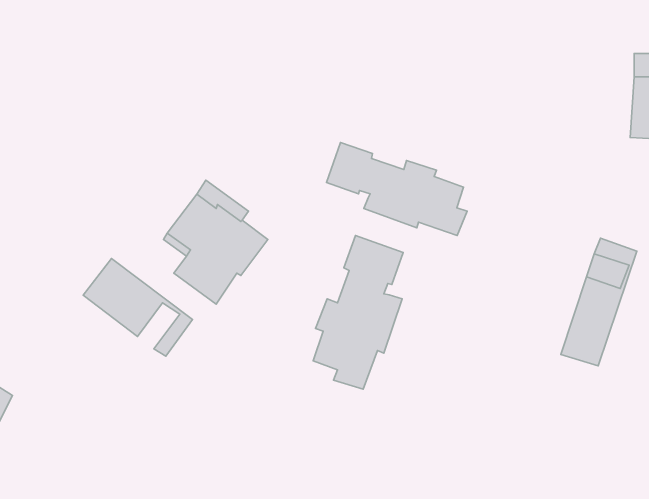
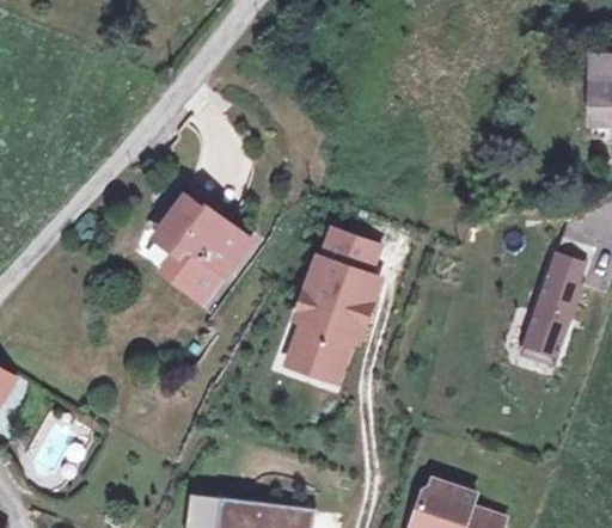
building: [326,143,467,235] -> none
building: [83,259,193,356] -> none

